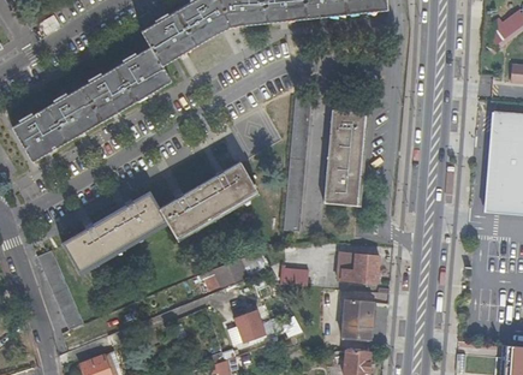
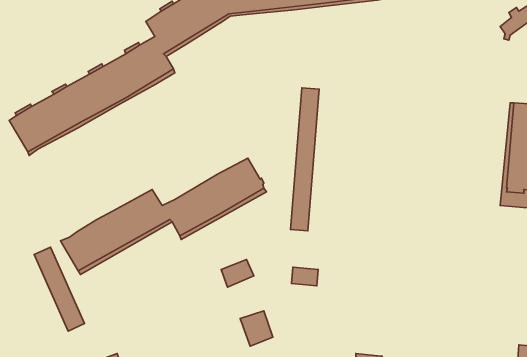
building: [321,112,364,207] -> none
building: [335,251,379,281] -> none
building: [340,299,373,339] -> none

